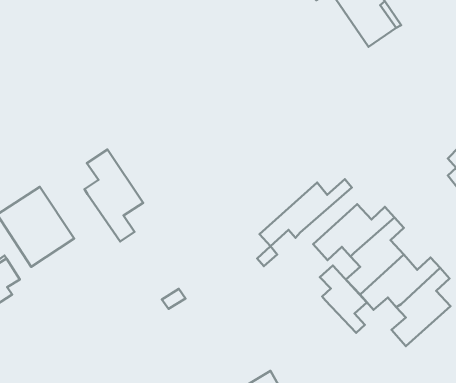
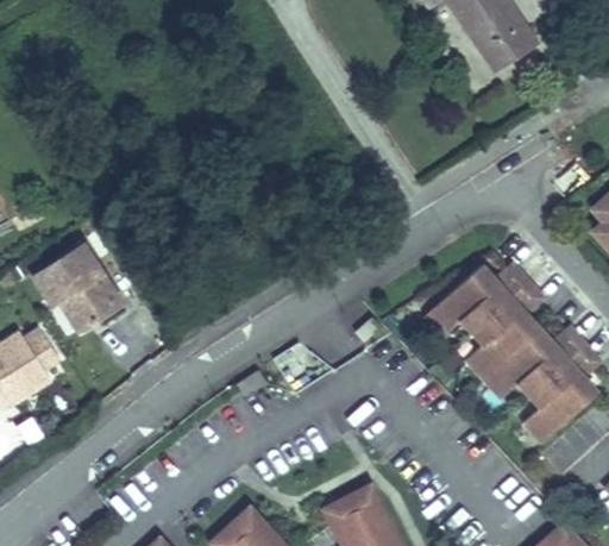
building: [84,149,143,241] -> none
building: [260,179,352,246] -> none
building: [320,265,367,333] -> none

